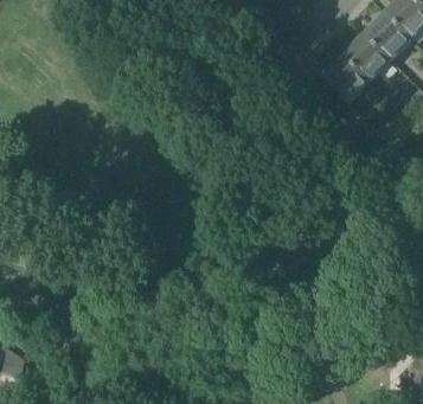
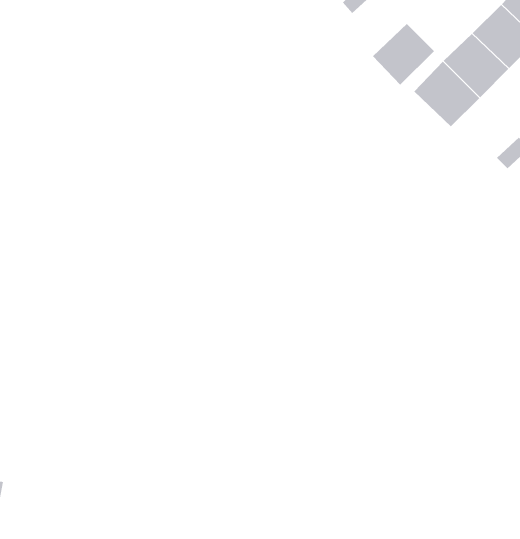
building: none -> [372,23,435,86]

